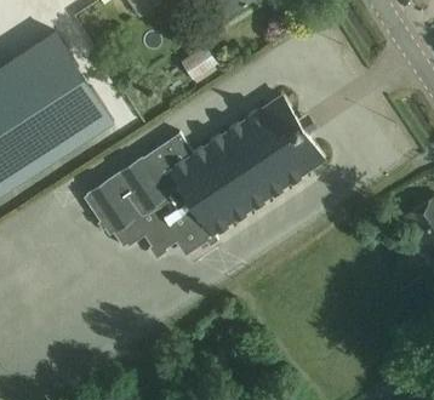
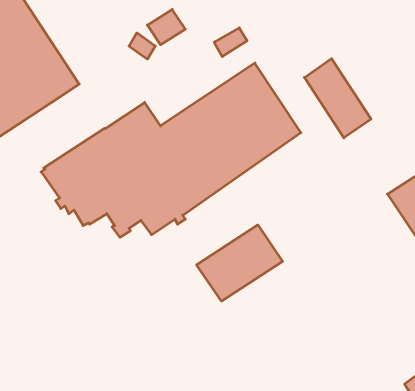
building: none -> [304,59,371,138]
building: none -> [197,225,283,301]

